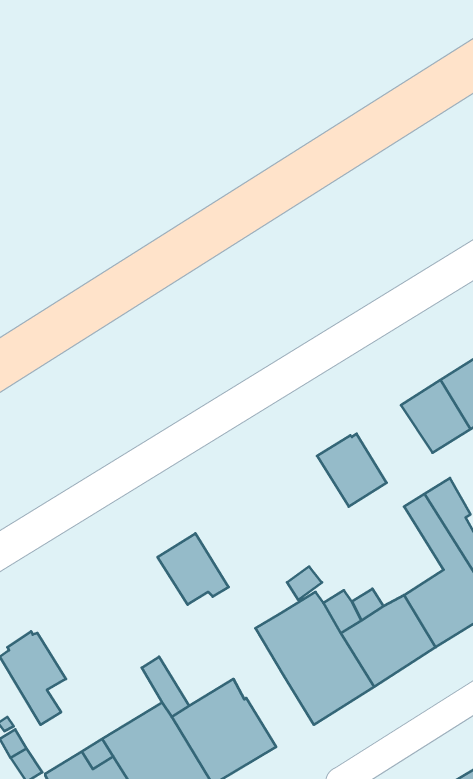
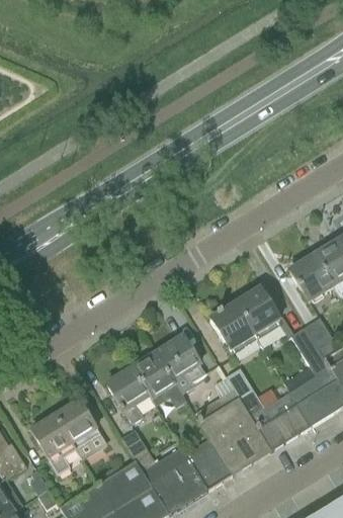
building: none -> [210,304,255,351]
building: none -> [157,337,206,391]
building: none -> [107,368,150,424]
building: none -> [56,402,98,446]
building: none -> [189,444,233,490]

